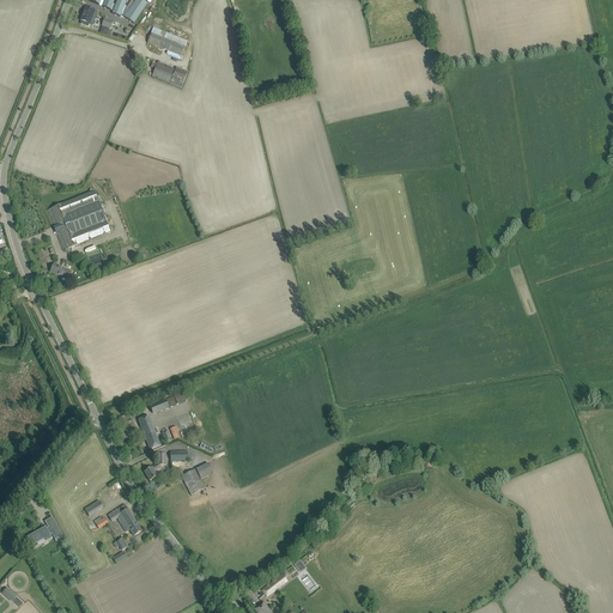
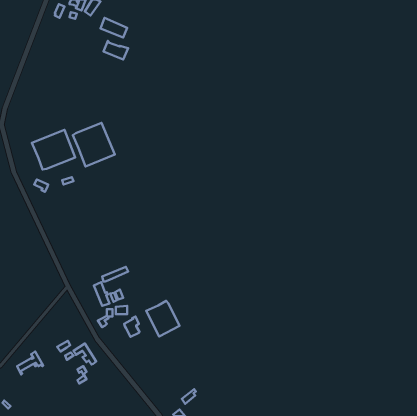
building: none -> [73,123,115,166]
building: none -> [146,301,180,337]

